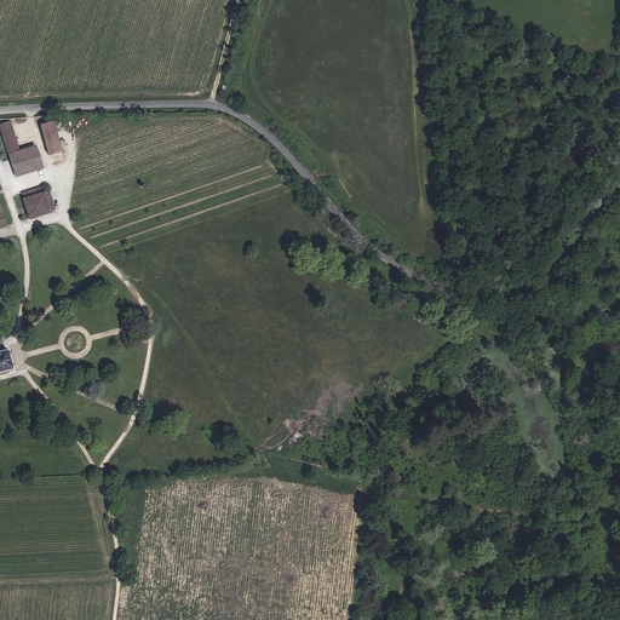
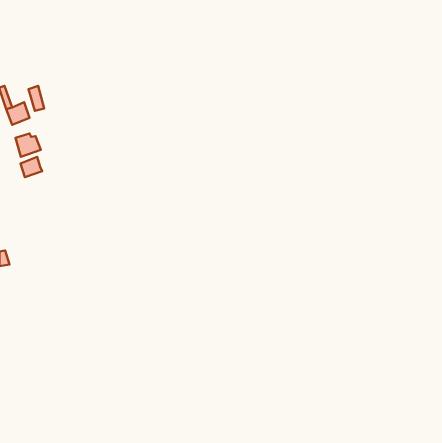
building: none -> [20,157,42,177]

